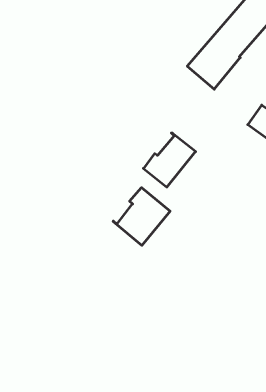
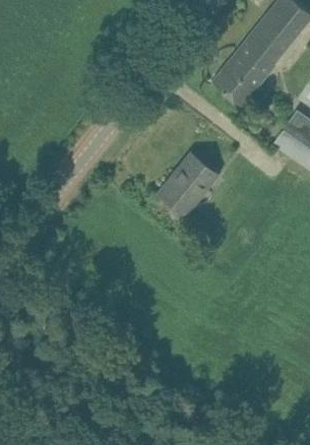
building: [113,188,170,245] -> none

